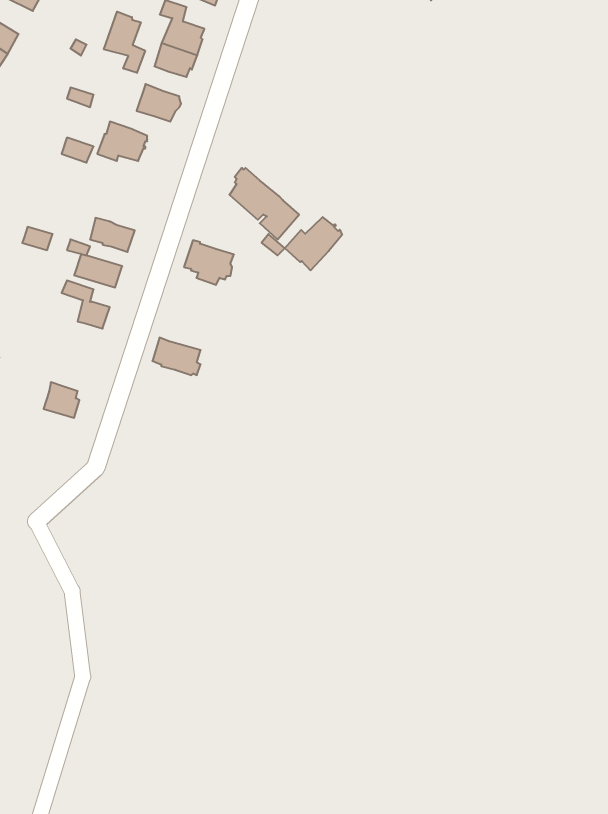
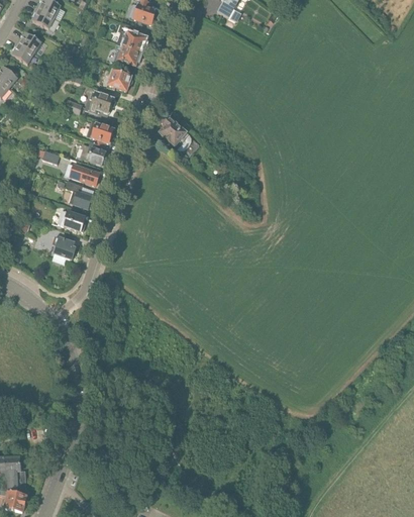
building: [104,12,145,73] -> none
building: [285,217,342,270] -> none
building: [184,240,234,285] -> [86,121,114,146]
building: [152,338,201,375] -> [58,210,85,231]

